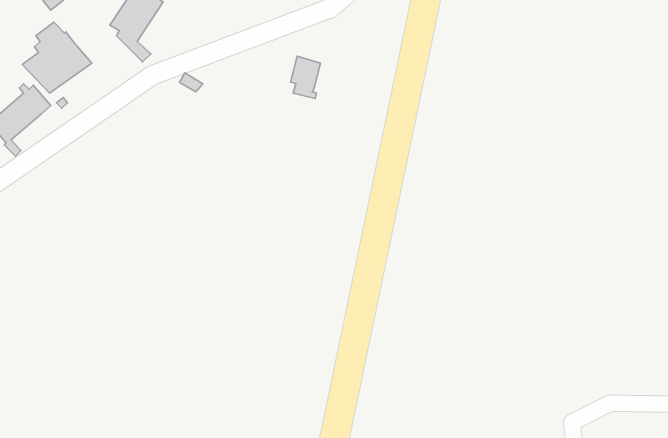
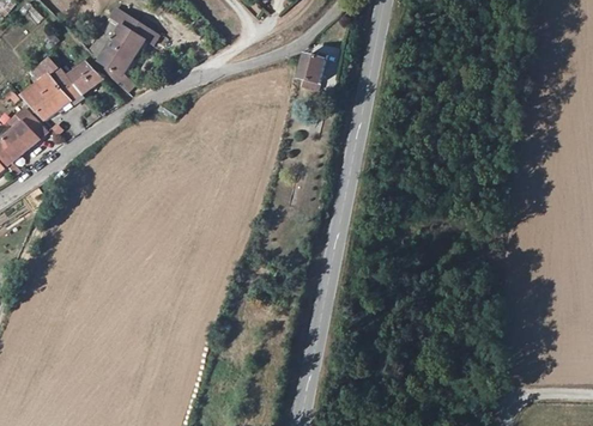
building: none -> [66,62,102,93]
building: [290,56,321,99] -> [297,54,323,91]

